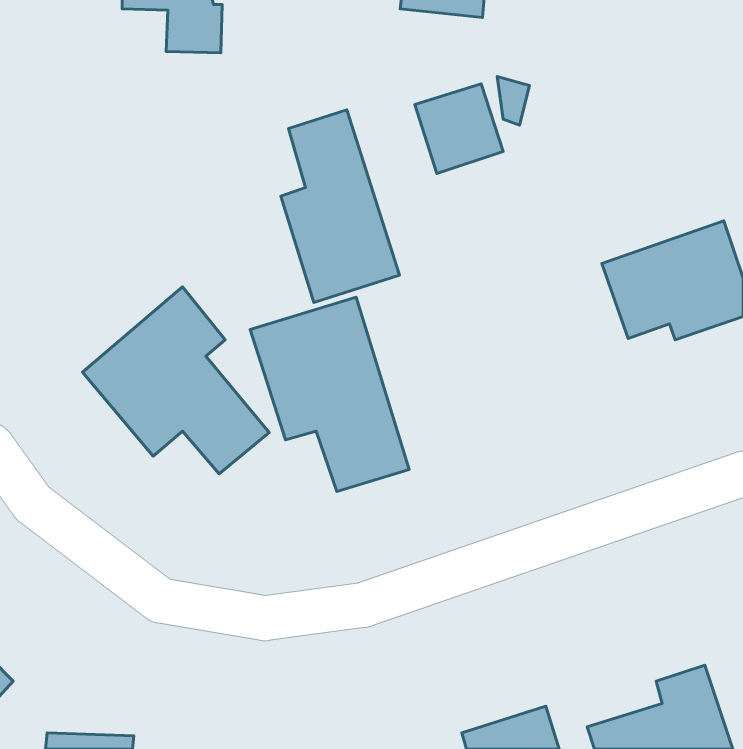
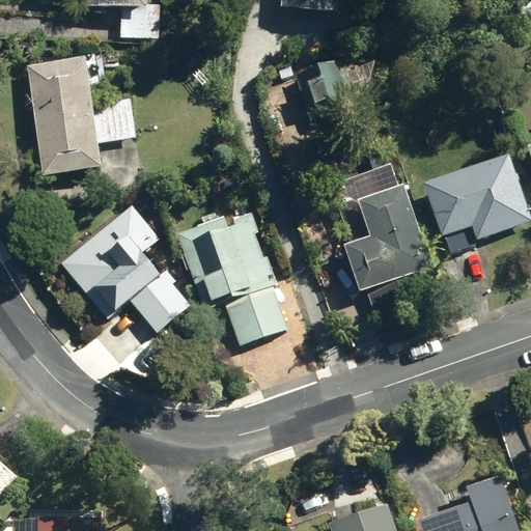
building: none -> [25,55,133,177]
building: [281,110,400,303] -> none
building: none -> [330,162,437,314]

